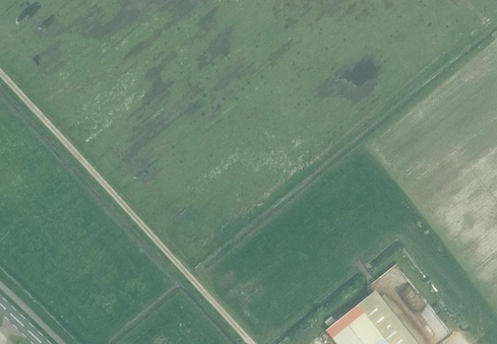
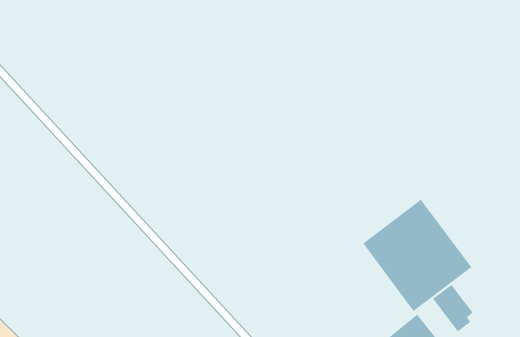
building: none -> [362,199,472,312]

